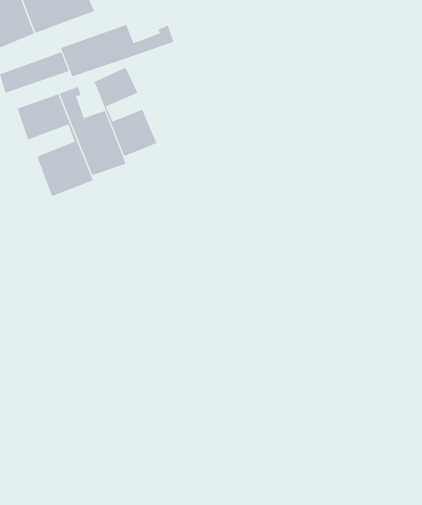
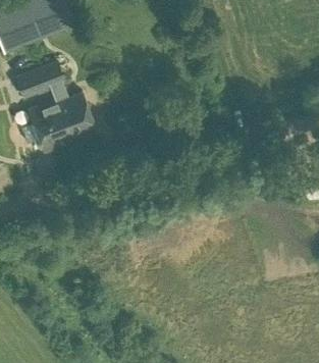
building: [60,24,174,77] -> none
building: [94,67,157,157] -> none

